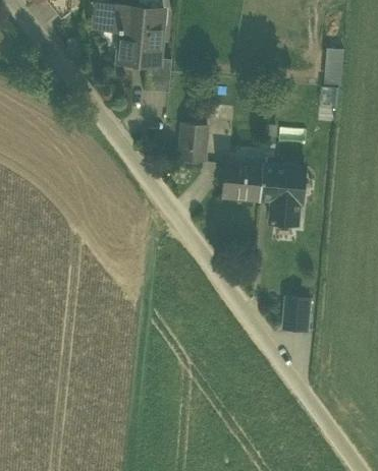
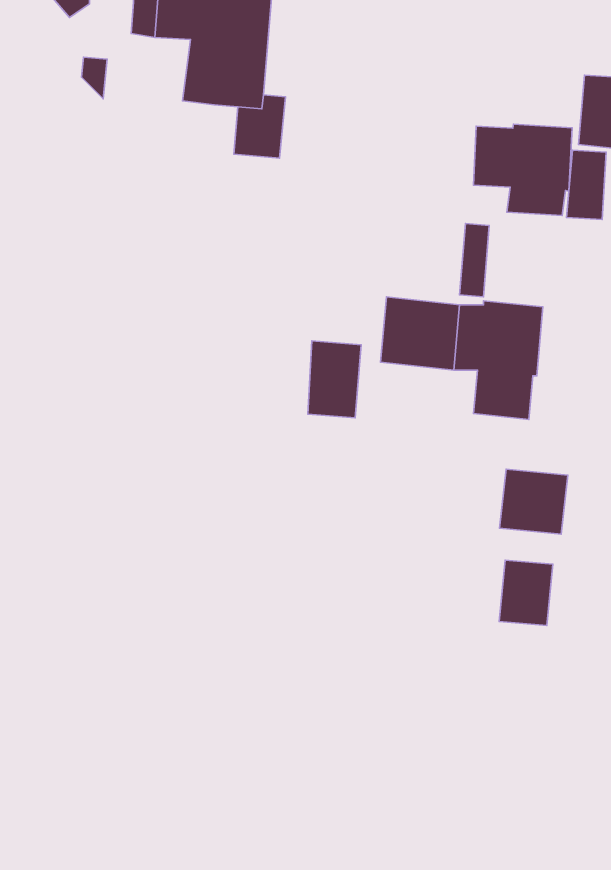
building: none -> [473,124,572,215]
building: [180,122,208,162] -> [308,341,361,418]
building: none -> [499,469,568,534]

